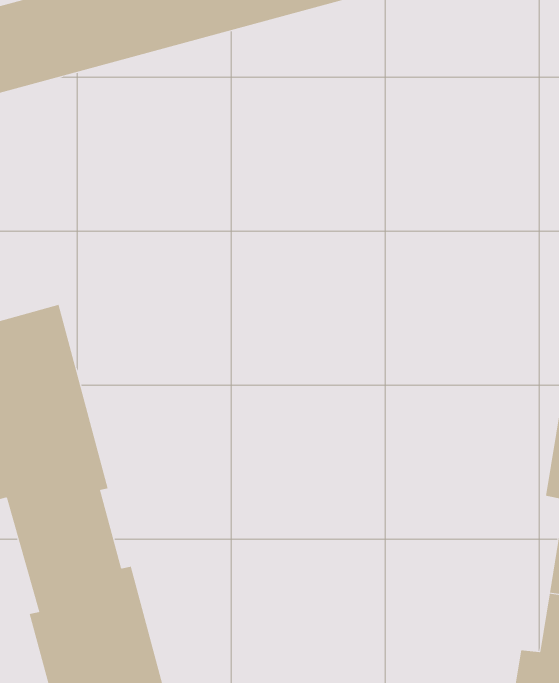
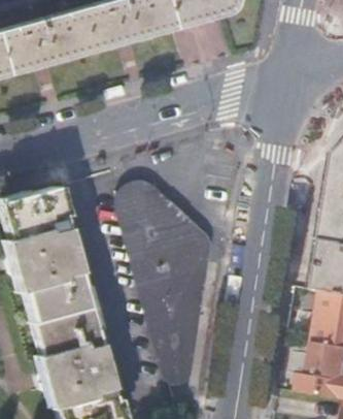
building: none -> [117,187,198,376]

